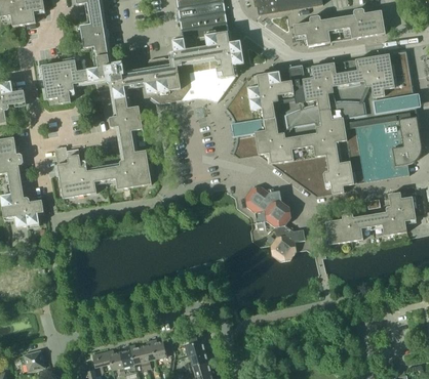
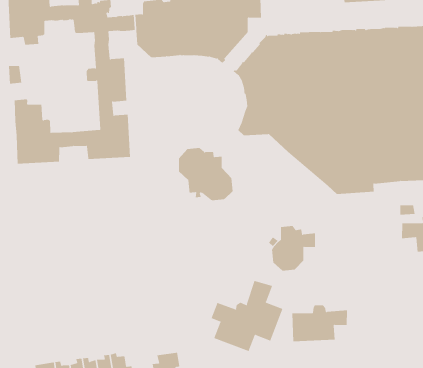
building: [244,185,290,226] -> [178,148,233,201]
building: [325,212,371,244] -> [291,305,348,342]
building: none -> [211,280,283,352]

